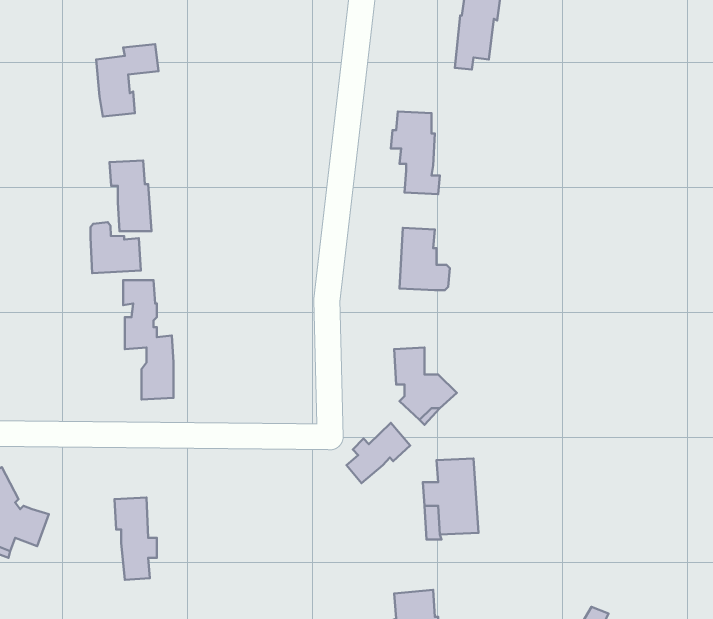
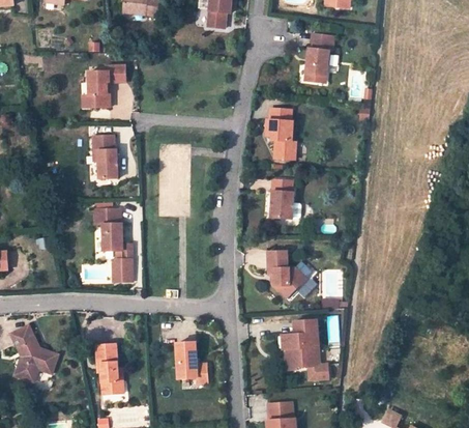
building: [90,222,141,273] -> none
building: [347,423,410,483] -> none
building: none -> [176,345,207,381]

